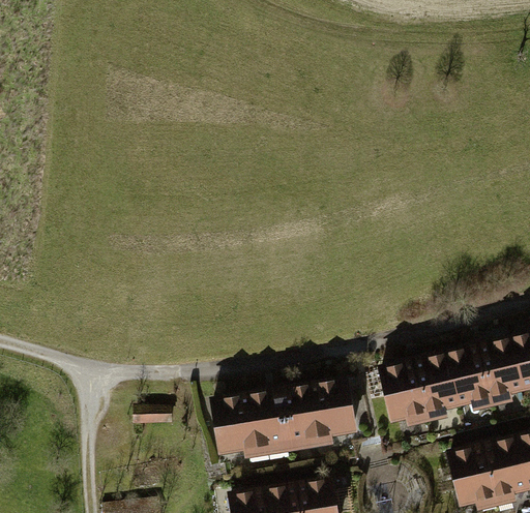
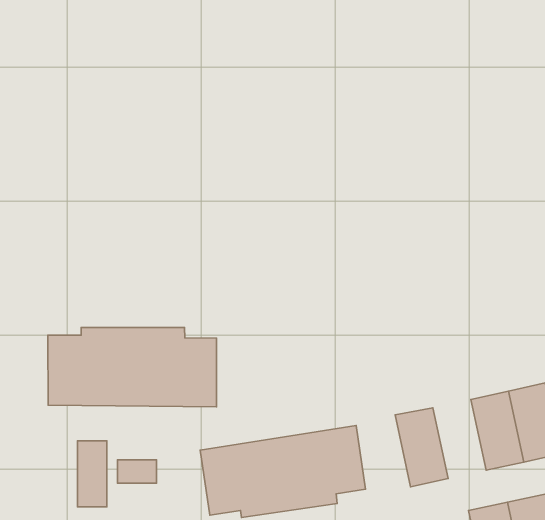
building: none -> [48,328,217,407]
building: [416,354,463,423] -> none
building: none -> [78,441,107,507]

